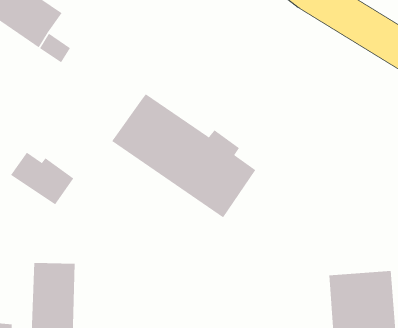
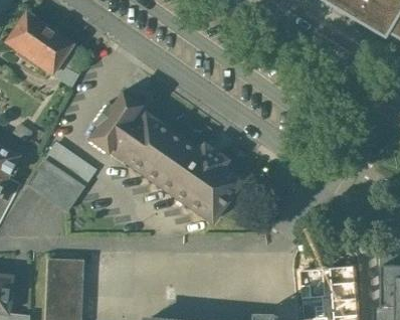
building: none -> [86,92,141,153]
building: none -> [41,142,94,187]

